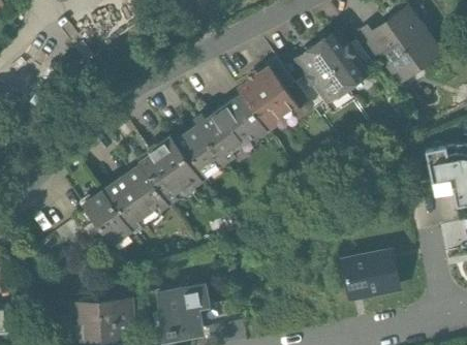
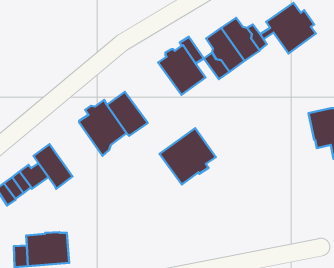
building: [196,93,267,163] -> [159,128,216,185]
building: [102,158,168,234] -> none
building: [344,250,394,295] -> none
building: [152,287,210,340] -> none

